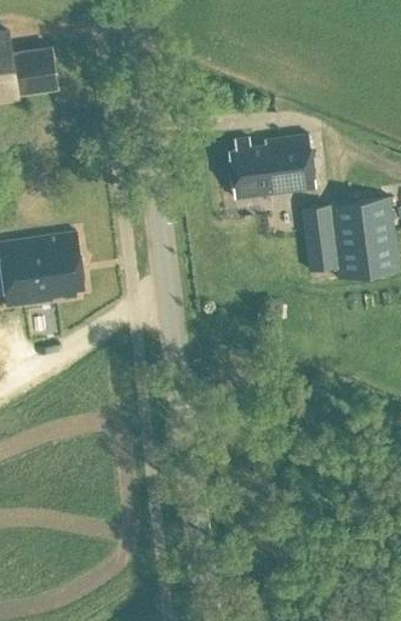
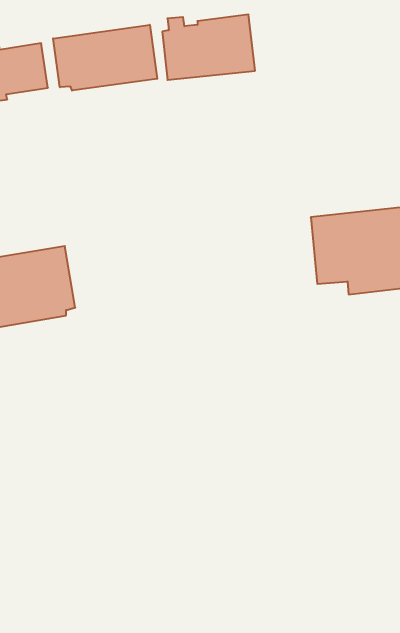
building: none -> [53,25,157,91]
building: [228,136,314,196] -> [162,15,255,80]

